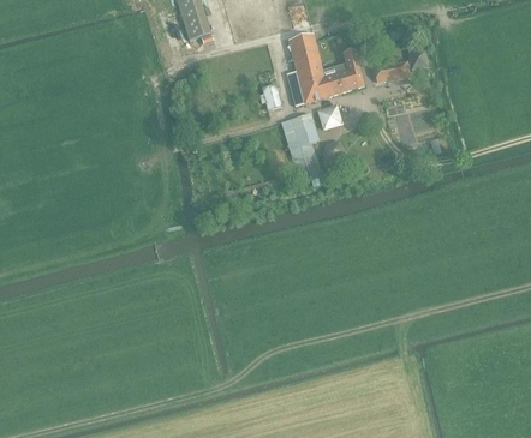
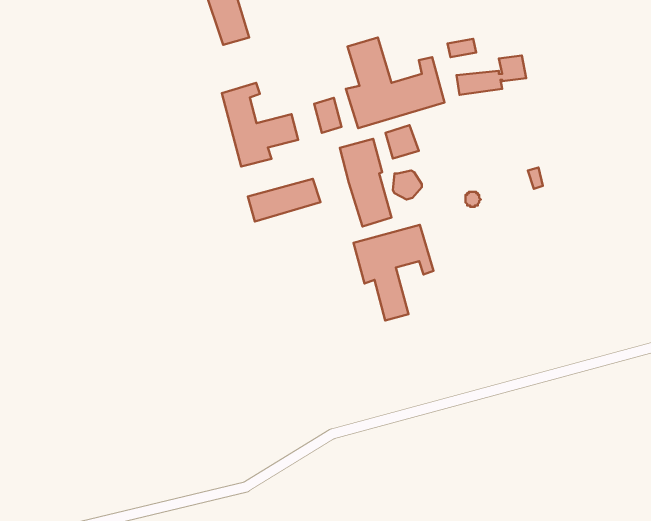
building: none -> [222,83,298,166]
building: none -> [248,179,320,222]
building: none -> [354,225,434,321]

